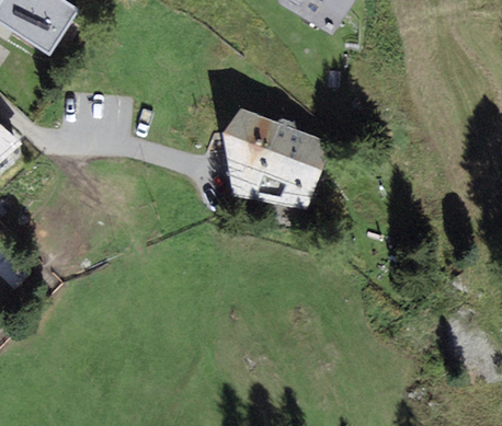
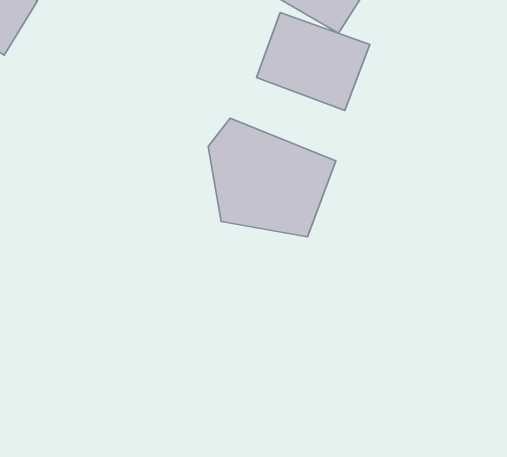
building: none -> [257,13,370,110]

